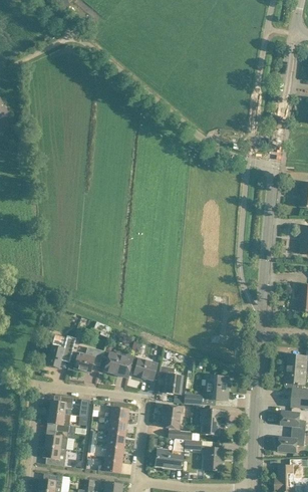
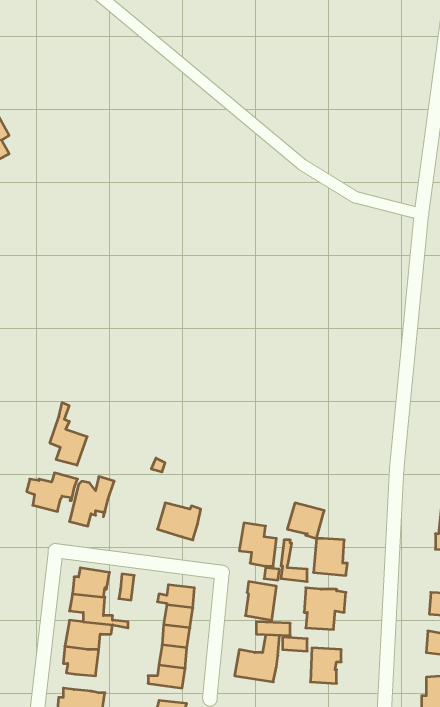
building: none -> [50,403,87,465]
building: [70,346,103,372] -> [27,473,78,511]
building: [133,356,158,380] -> [287,503,324,538]

